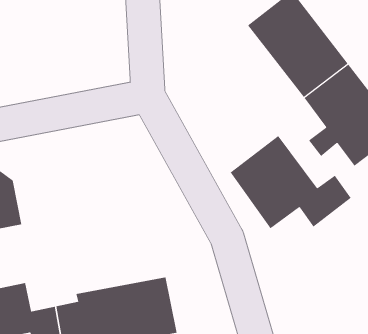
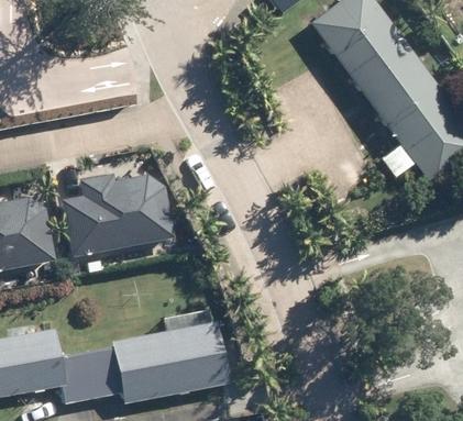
building: [230,135,352,229] -> none
building: none -> [59,174,173,257]

